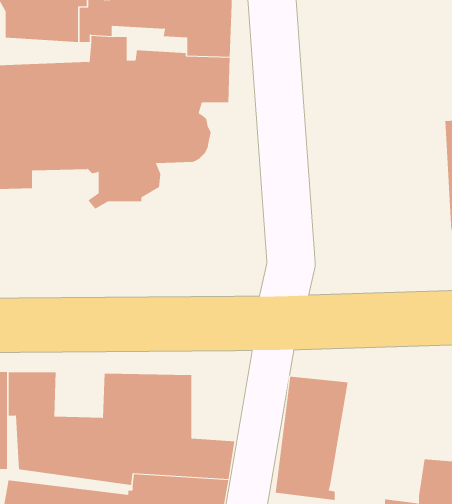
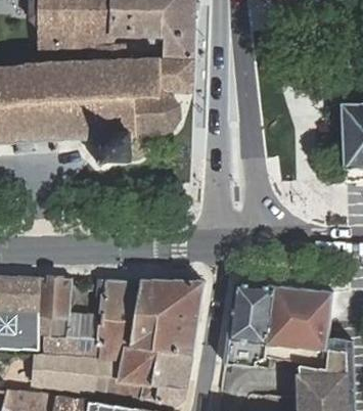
building: none -> [166,279,202,325]
building: none -> [262,284,332,363]

